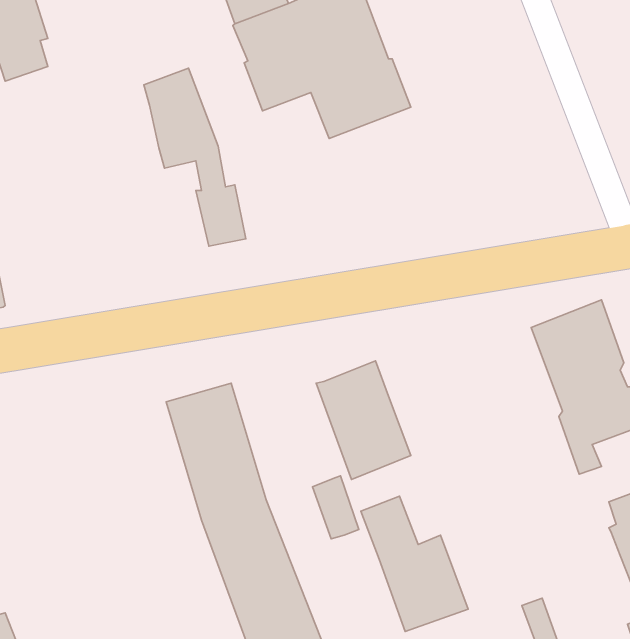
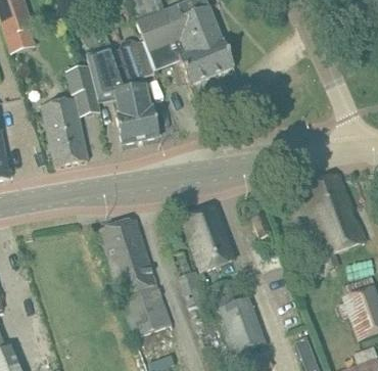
building: none -> [111,38,159,139]
building: none -> [65,65,95,94]
building: none -> [42,100,88,168]

